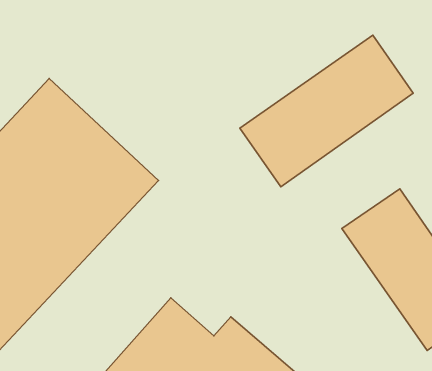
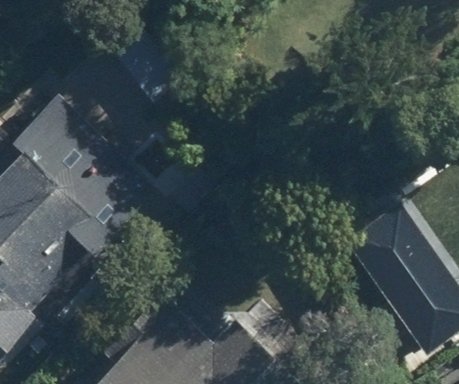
building: [240,35,413,187] -> none

